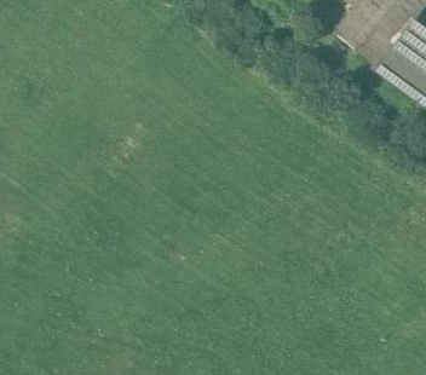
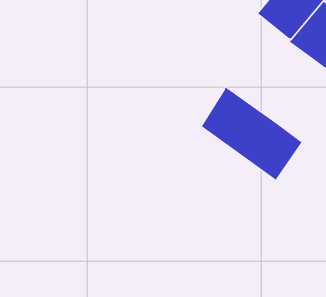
building: none -> [201,86,302,181]

